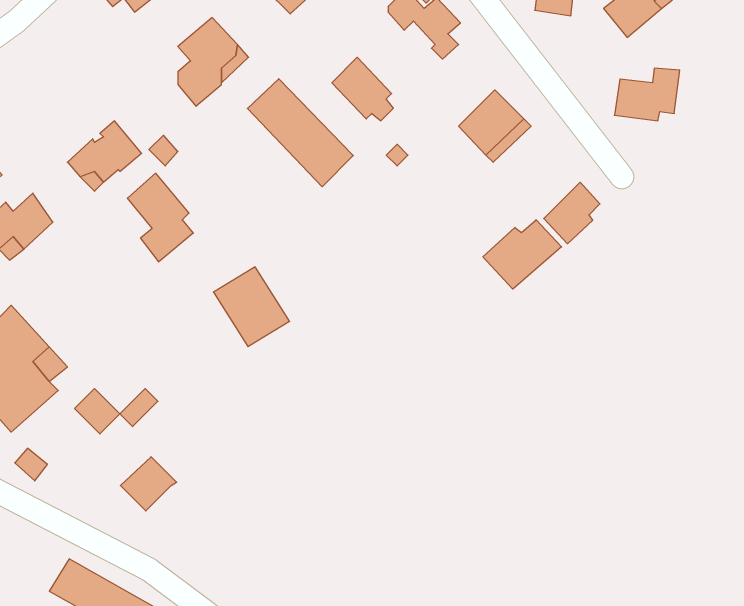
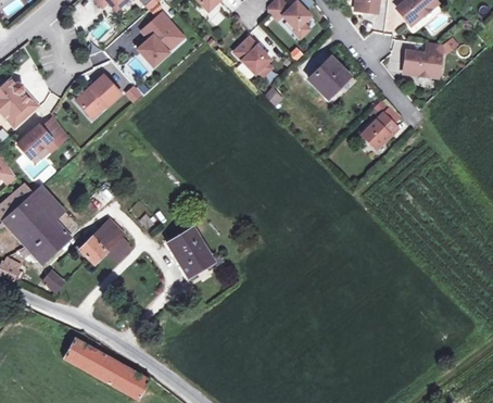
building: [247,79,353,187] -> none
building: [127,173,193,262] -> none
building: [483,220,562,289] -> none
building: [213,267,290,347] -> [167,227,213,275]
building: [120,457,177,511] -> [91,218,125,251]

